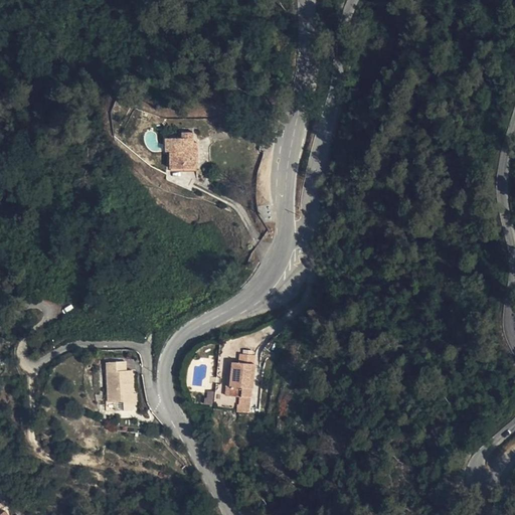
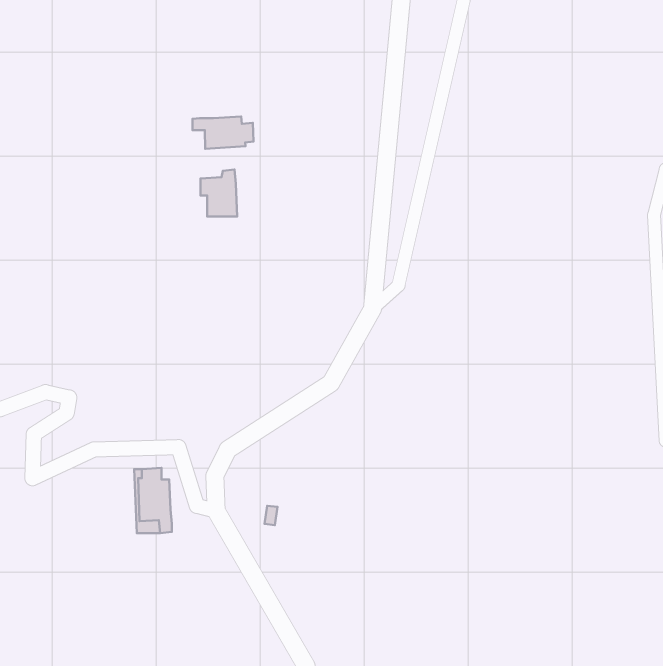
building: none -> [192,117,254,149]
building: [228,356,260,412] -> none

